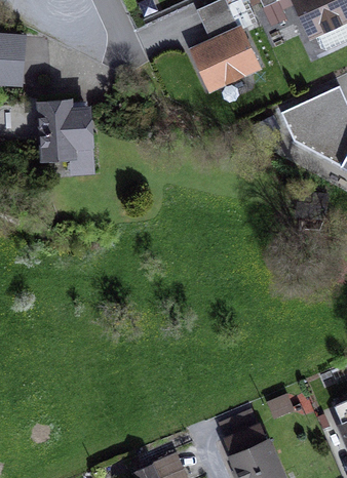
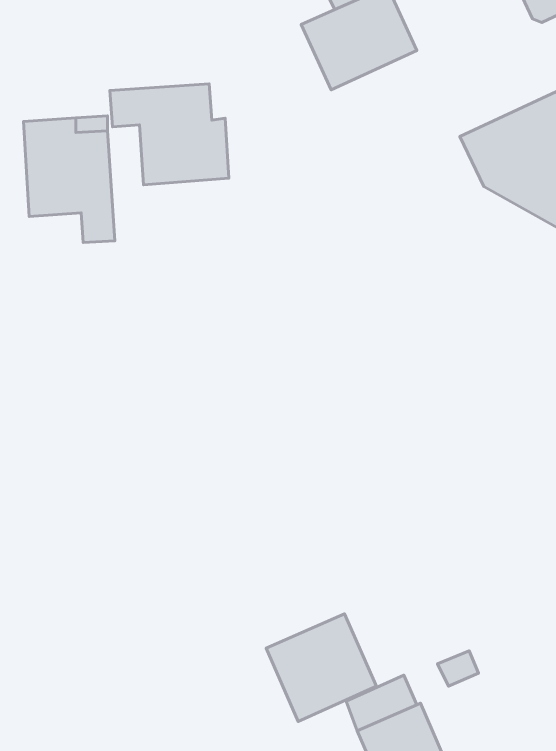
building: none -> [110,84,229,185]
building: none -> [266,614,377,722]

